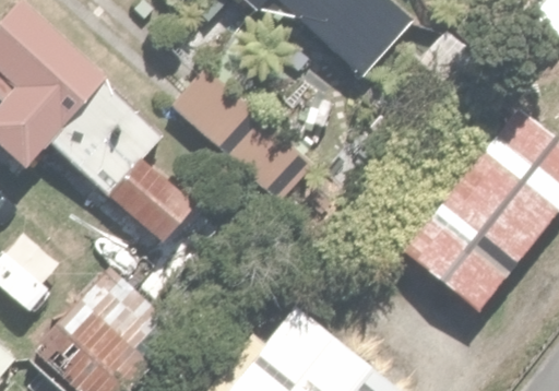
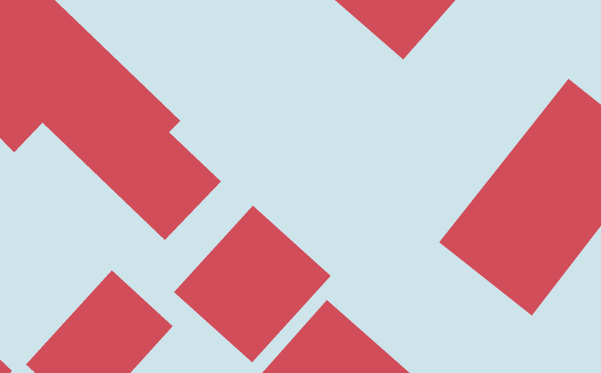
building: none -> [173,205,332,363]

